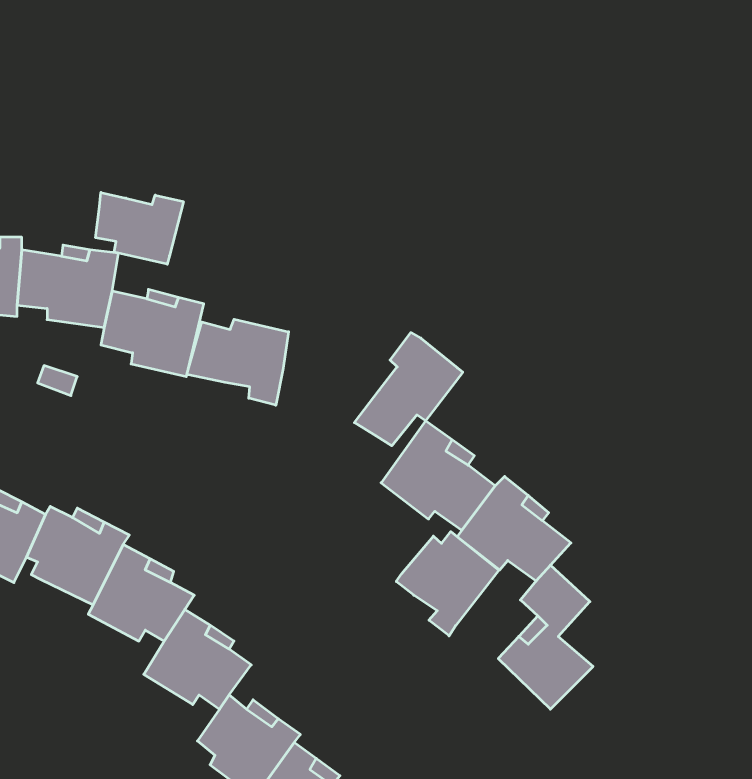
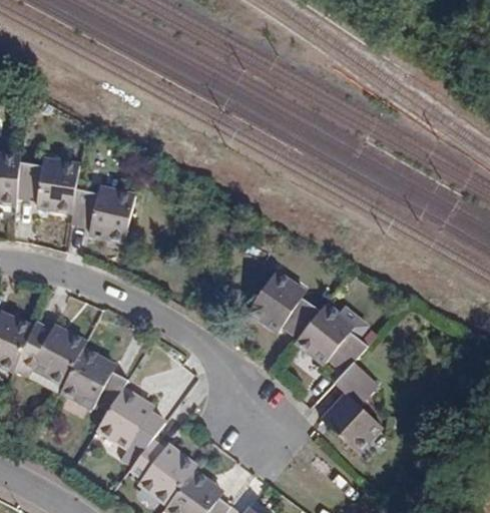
building: [96,192,183,264] -> none
building: [187,319,289,405] -> none
building: [354,333,463,446] -> none
building: [396,532,499,636] -> none

